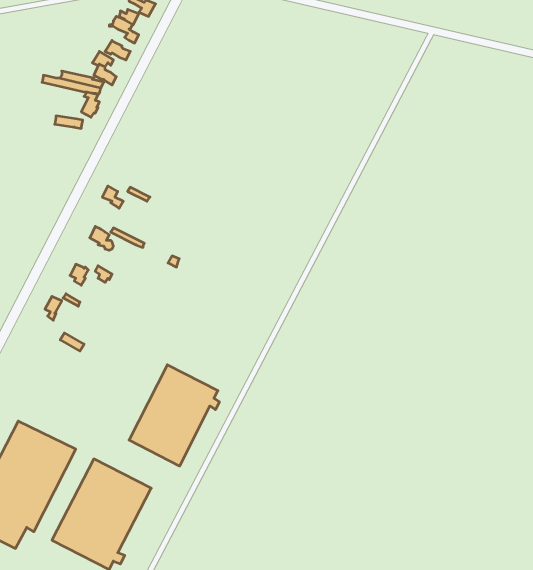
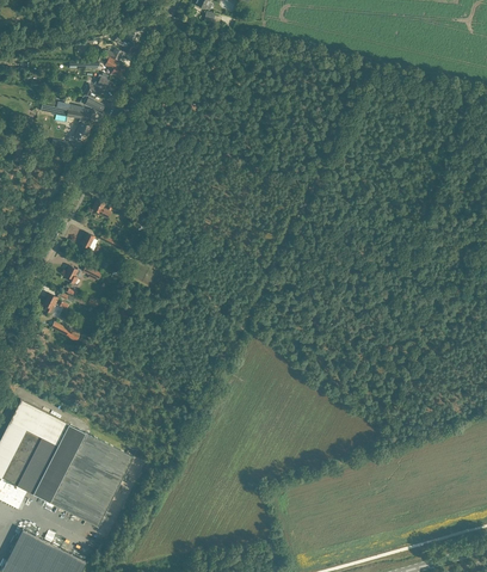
building: [129,365,219,466] -> none

